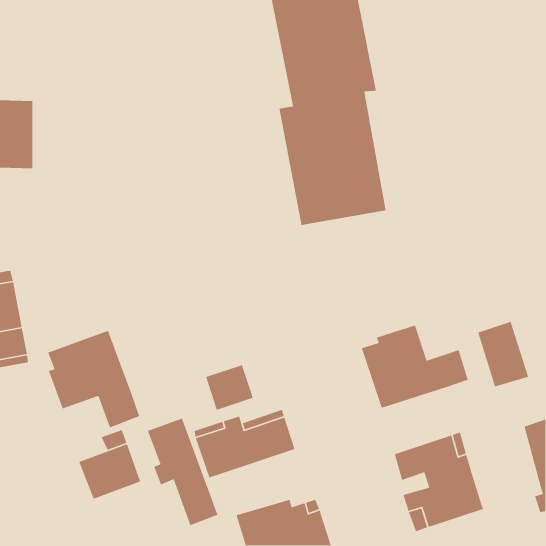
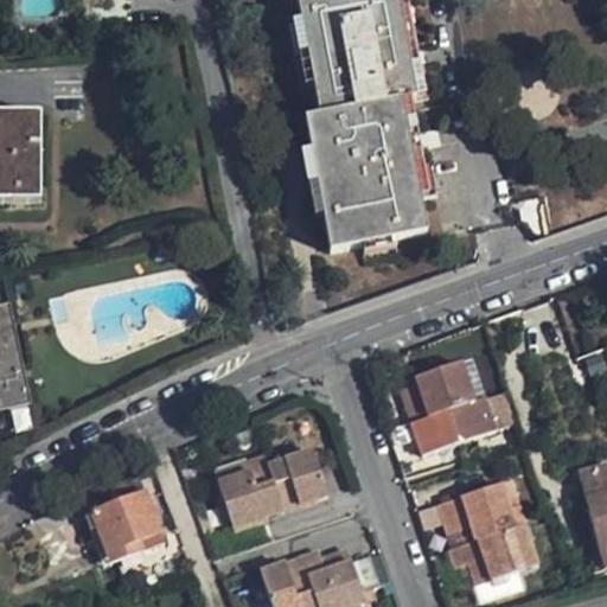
building: [477,321,529,387] -> none
building: [47,330,140,428] -> none
building: [205,364,254,411] -> none
building: [147,418,219,526] -> none

